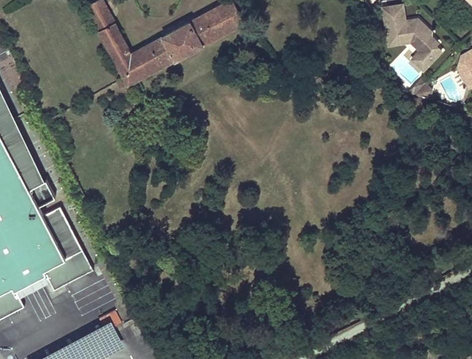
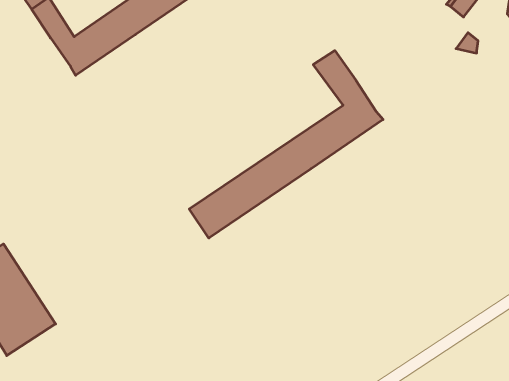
building: none -> [189,51,383,238]

